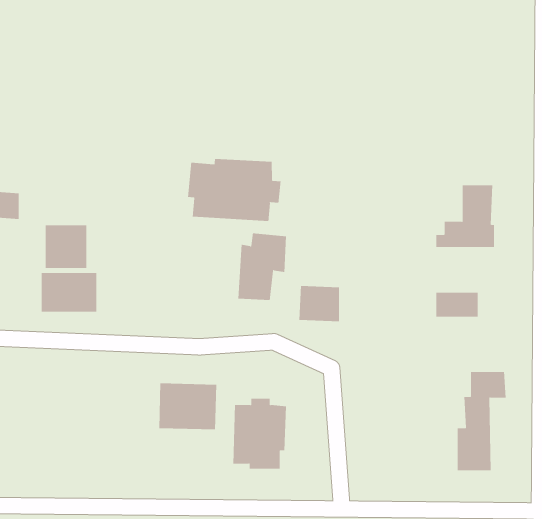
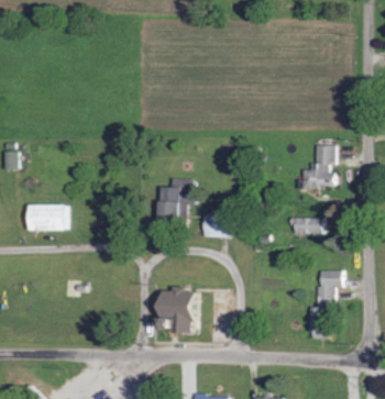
building: [187,158,281,222] -> none
building: [45,225,87,269] -> none
building: [159,382,217,430] -> none

